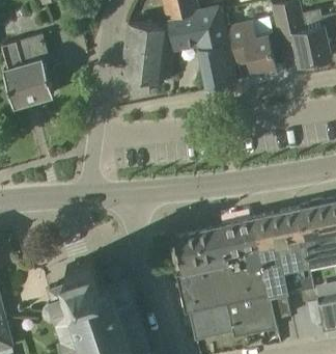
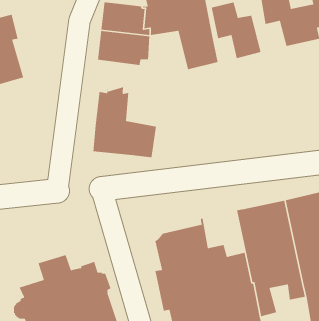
building: none -> [93,86,157,158]
building: [222,218,261,262] -> none

